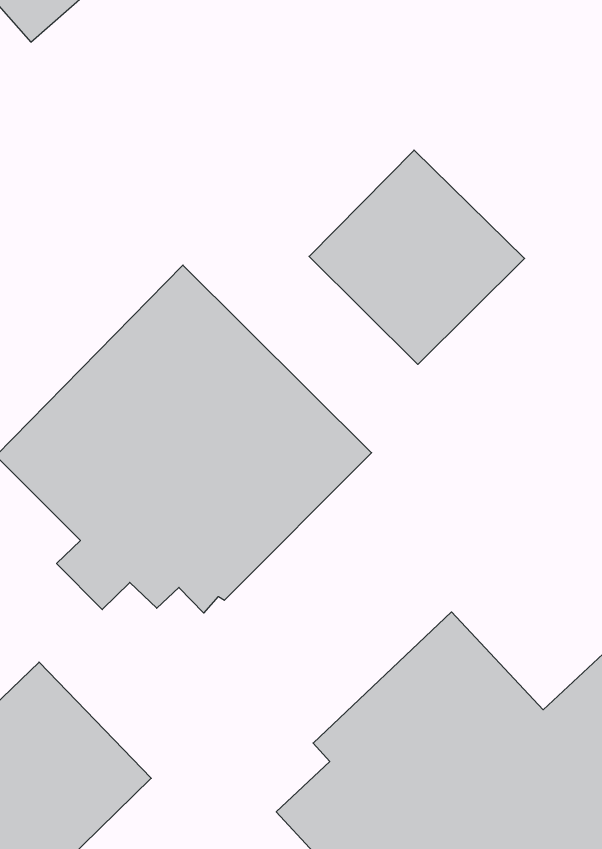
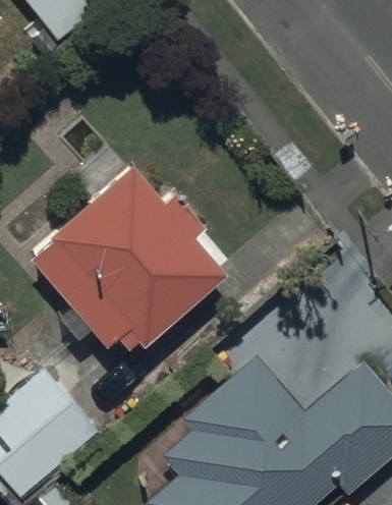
building: [309,150,525,364] -> none

